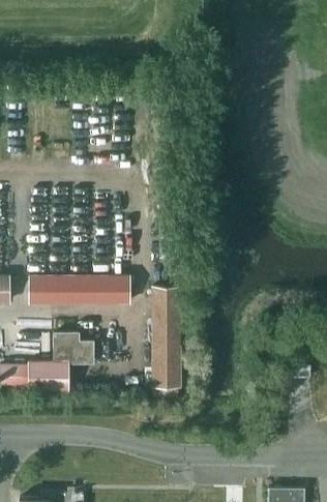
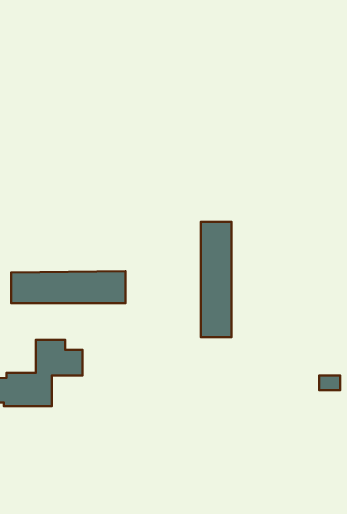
building: [152,288,178,385] -> [201,222,232,337]

